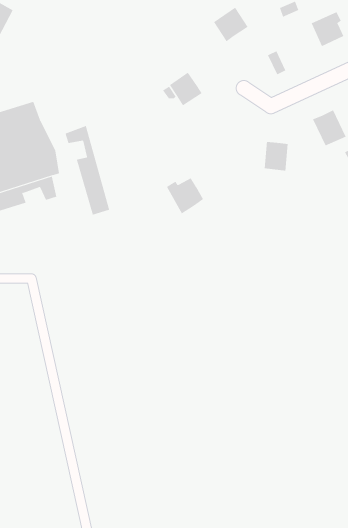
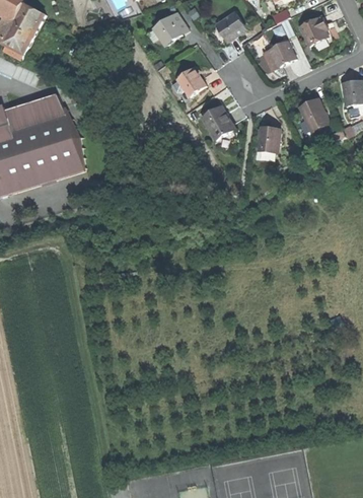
building: none -> [153,11,189,46]
building: none -> [270,41,295,66]
building: [65,125,110,216] -> none
building: [166,177,204,214] -> [203,109,235,140]

